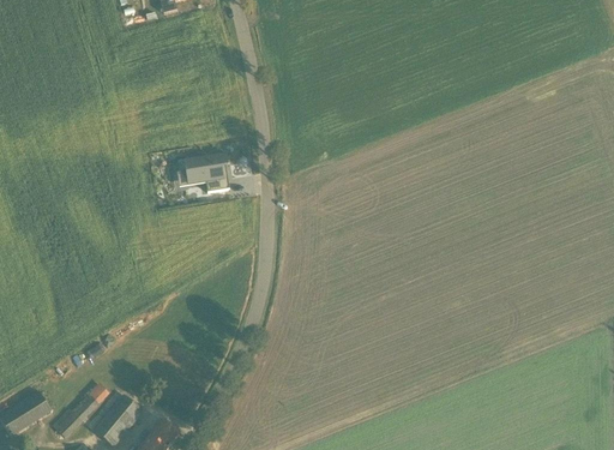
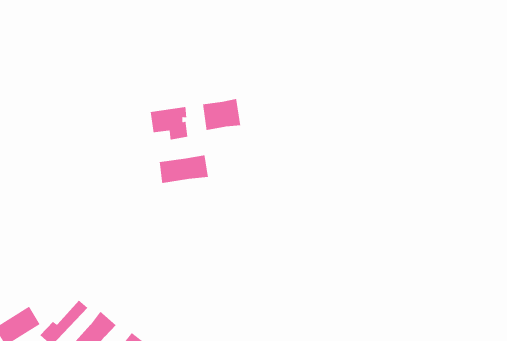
building: none -> [203,98,241,131]
building: none -> [159,154,209,184]

